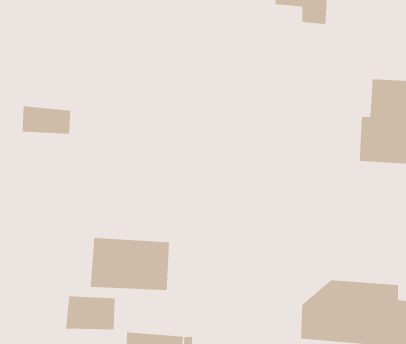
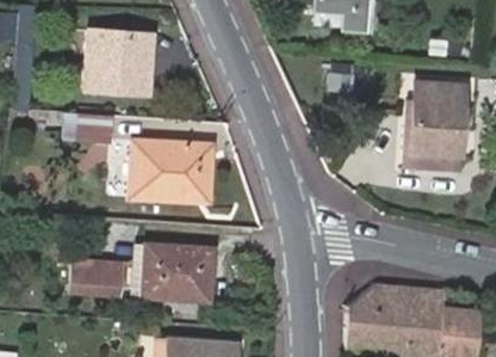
building: none -> [78,30,151,92]
building: none -> [131,141,211,199]
building: [65,296,116,330] -> [70,258,122,293]

